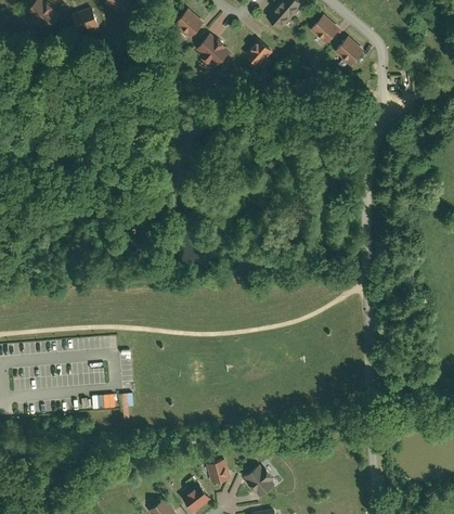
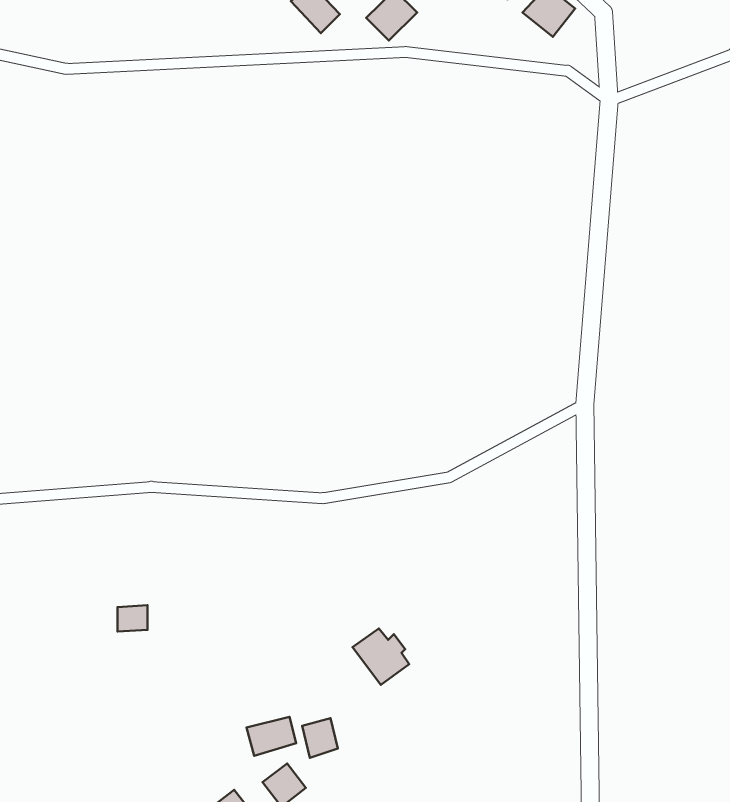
building: none -> [247,717,296,756]
building: [245,463,277,496] -> [353,628,409,685]

